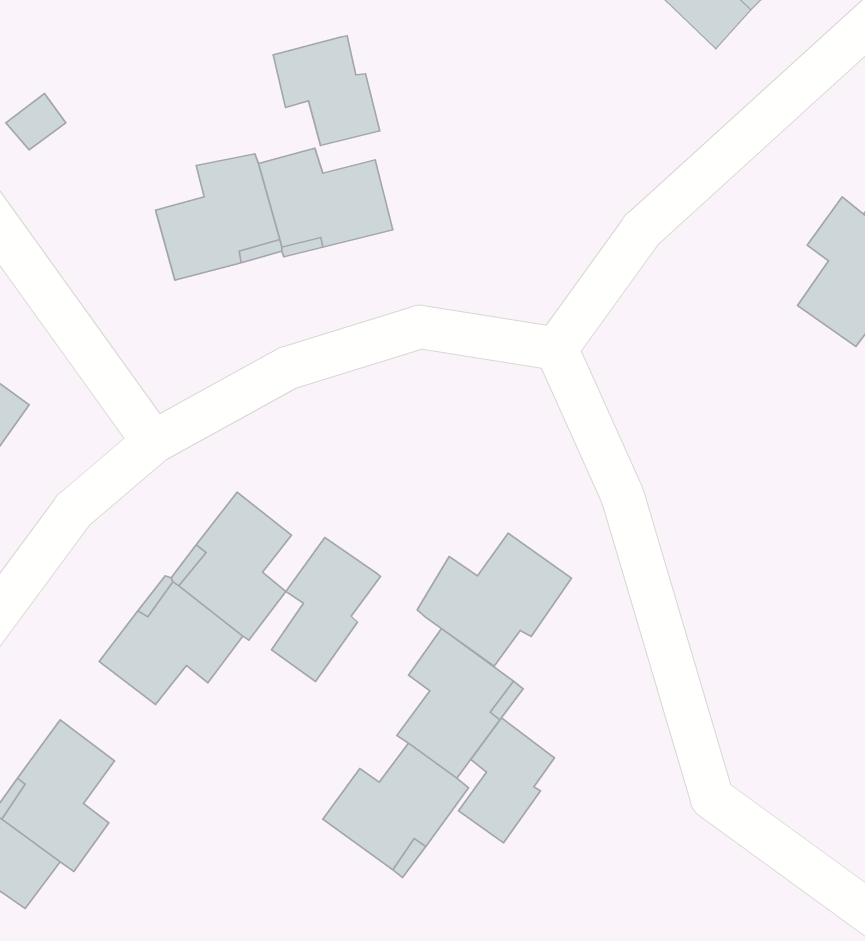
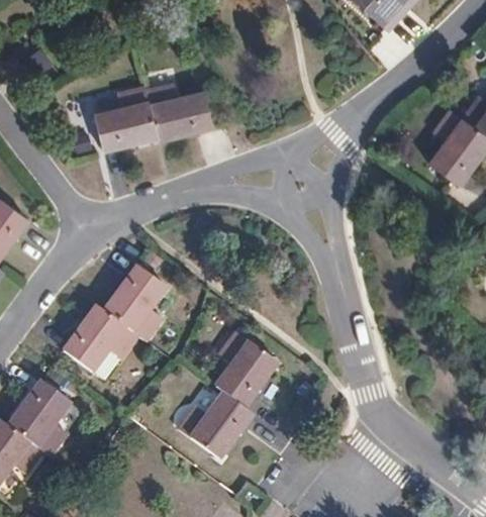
building: [273,36,380,145] -> none
building: [417,533,572,666] -> none
building: [271,538,381,682] -> none
building: [459,718,554,843] -> none

